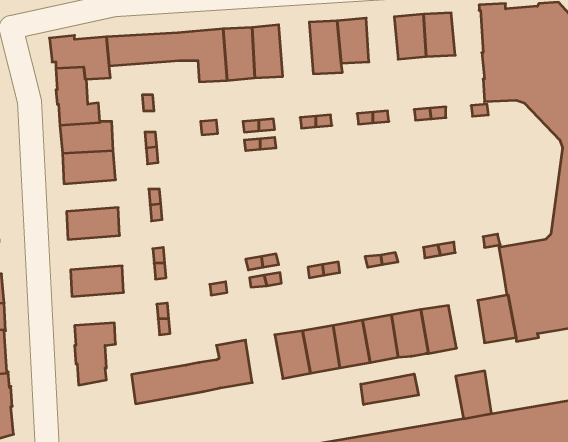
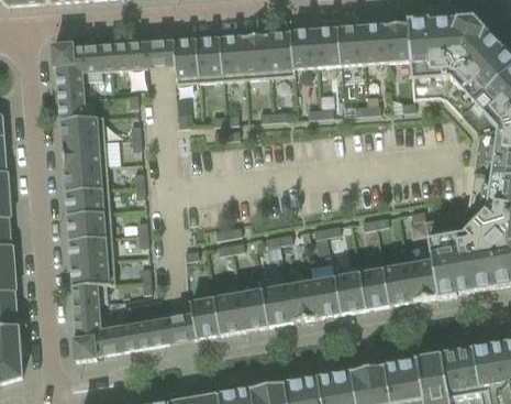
building: none -> [385,22,411,59]
building: none -> [314,28,341,65]
building: none -> [242,32,270,77]
building: none -> [64,163,109,189]
building: none -> [67,209,112,238]
building: none -> [70,256,115,284]
building: none -> [214,292,245,332]
building: none -> [74,316,123,359]
building: [456,371,491,419] -> [382,263,412,303]
building: [361,374,419,405] -> none

